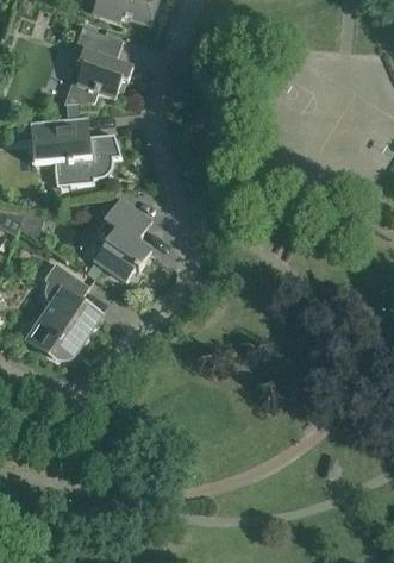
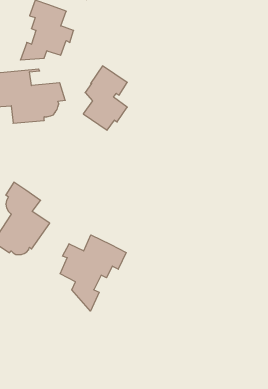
building: [94,198,151,281] -> [83,66,127,130]
building: none -> [60,235,126,311]

